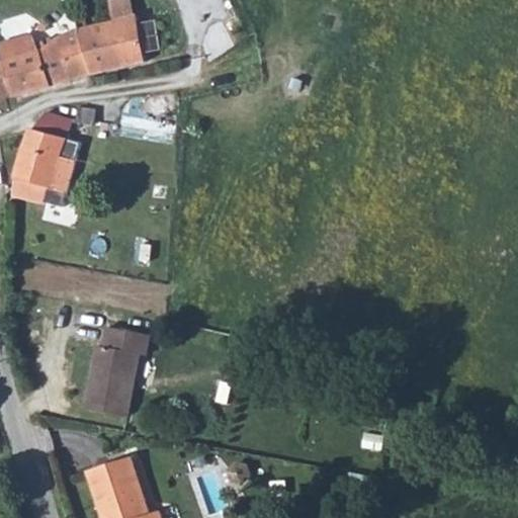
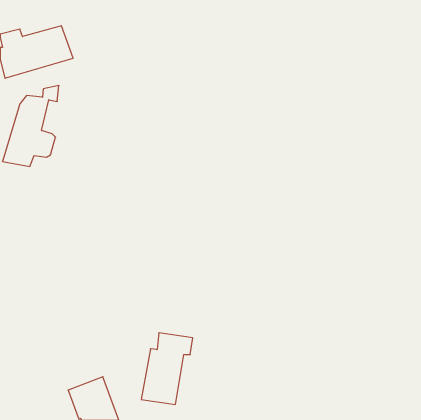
building: [78,12,142,71] -> none
building: [85,330,148,417] -> [141,333,193,404]

